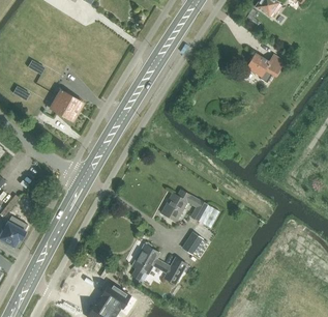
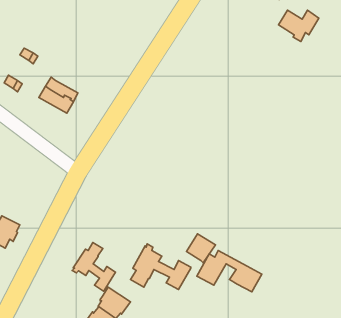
building: [246,53,284,82] -> [279,10,319,42]
building: [160,189,220,227] -> [197,251,262,292]
building: none -> [72,242,116,291]

